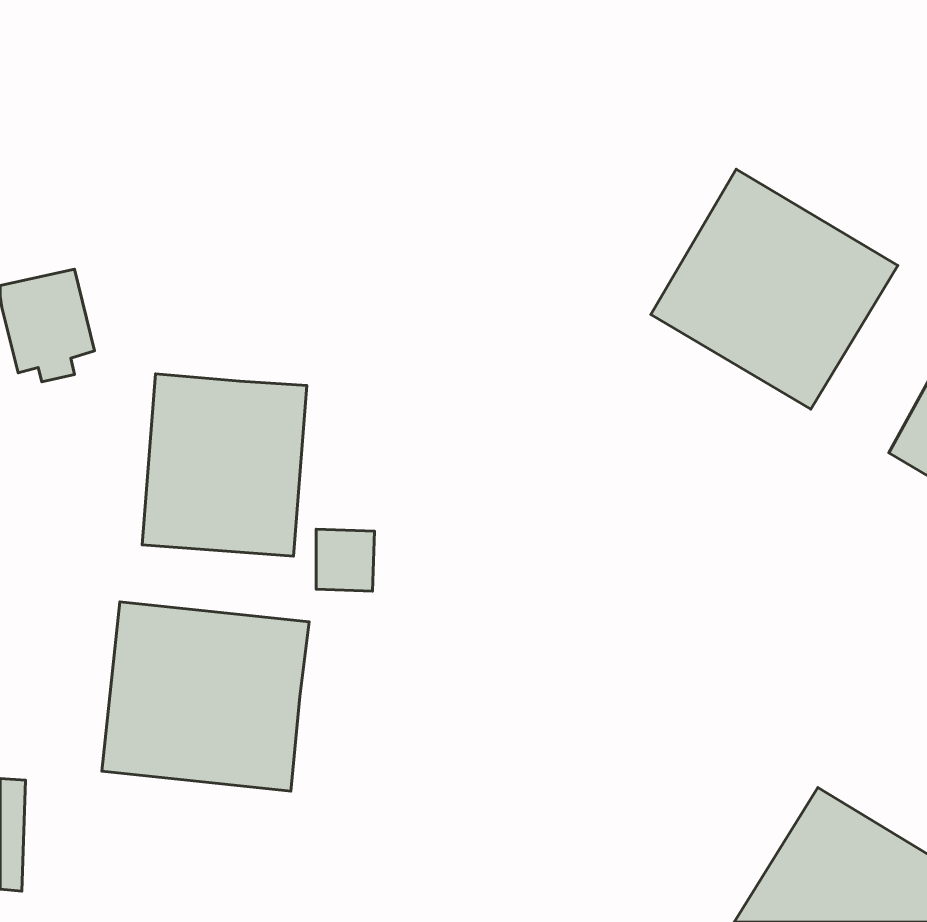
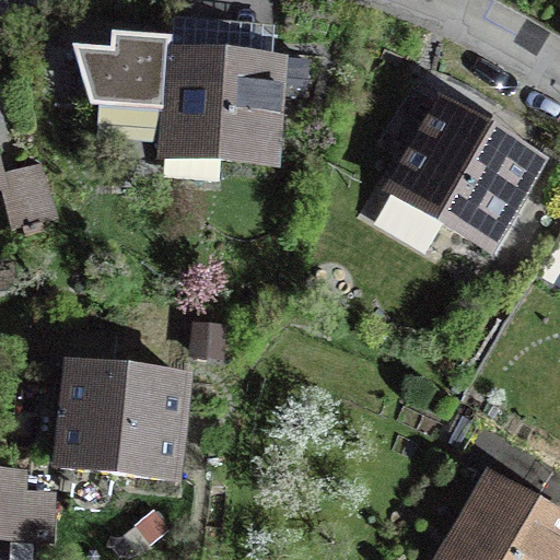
building: none -> [72,32,282,159]
building: [142,374,307,556] -> none

